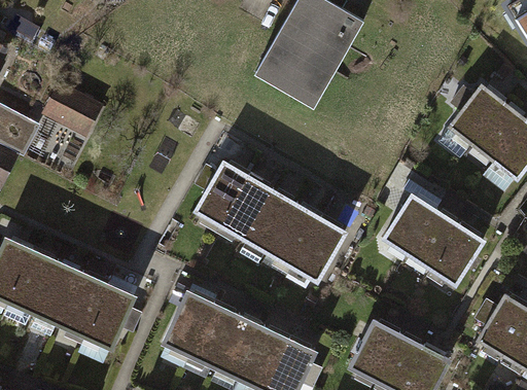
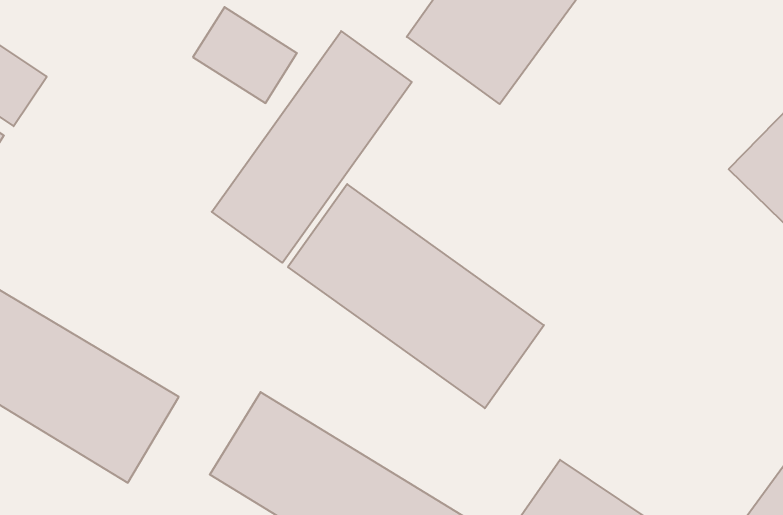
building: none -> [212,31,412,263]
building: [41,84,103,139] -> [193,7,297,103]
building: [379,188,482,282] -> none

